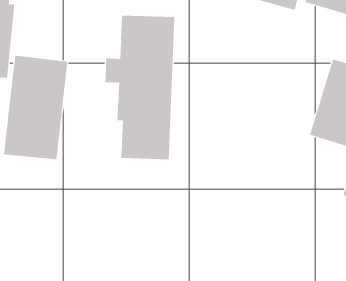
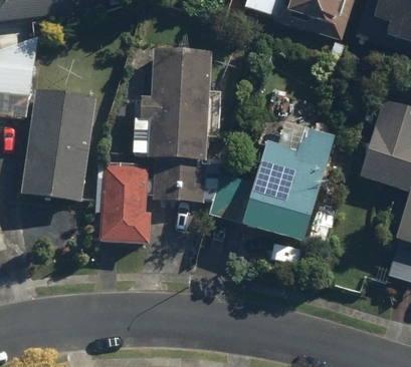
building: none -> [211,129,331,247]
building: none -> [97,163,152,249]

